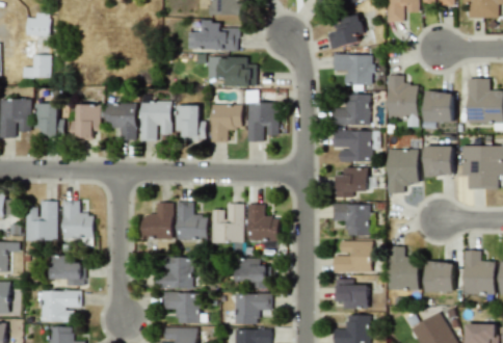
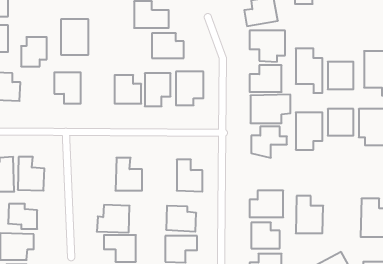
building: [139,98,171,139] -> [61,19,88,55]
building: [70,104,100,138] -> [21,37,47,66]
building: [140,203,173,240] -> none
building: [332,204,370,236] -> none
building: [210,205,243,243] -> none
building: [425,261,454,292] -> none

